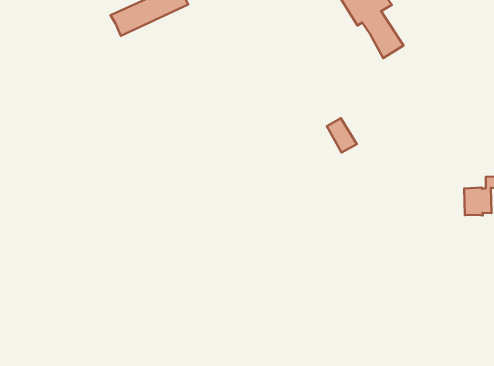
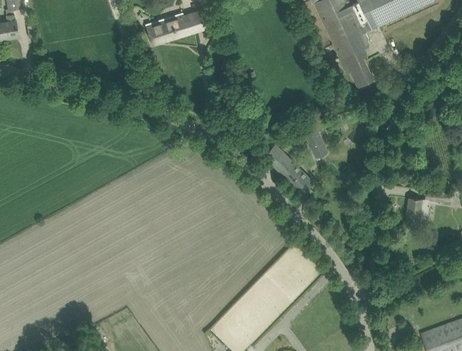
building: none -> [263,143,314,194]

